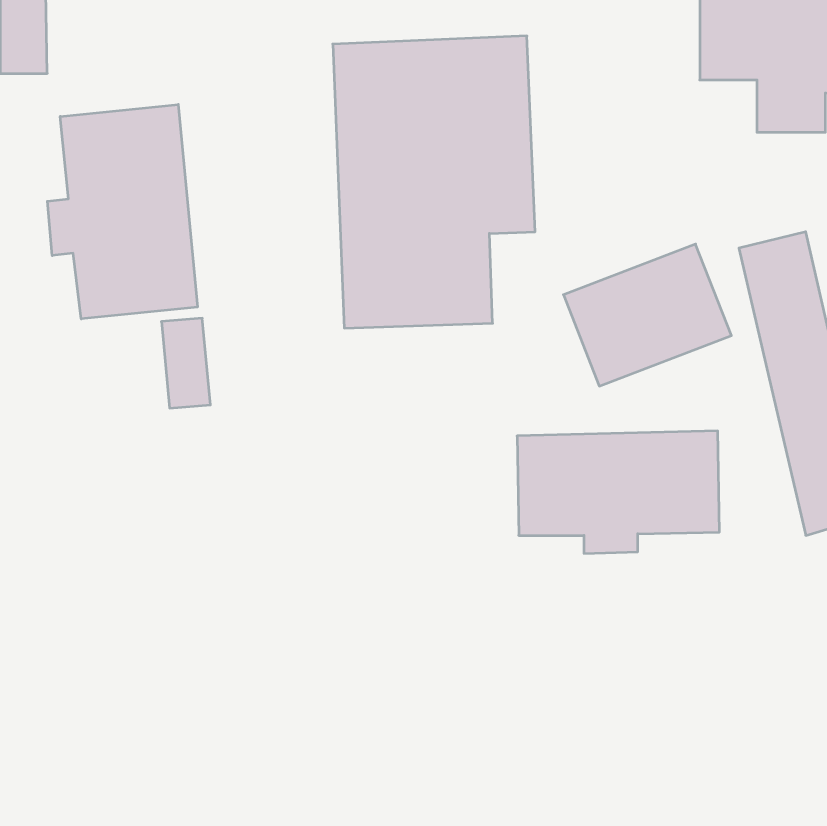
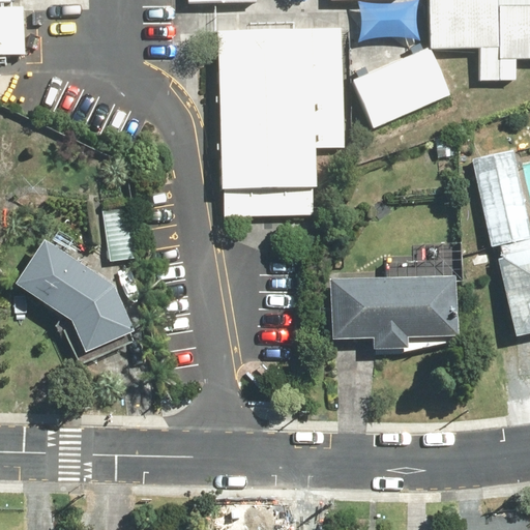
building: [47,104,197,319] -> none
building: [563,244,731,386] -> [343,40,449,130]
building: none -> [13,237,135,353]

